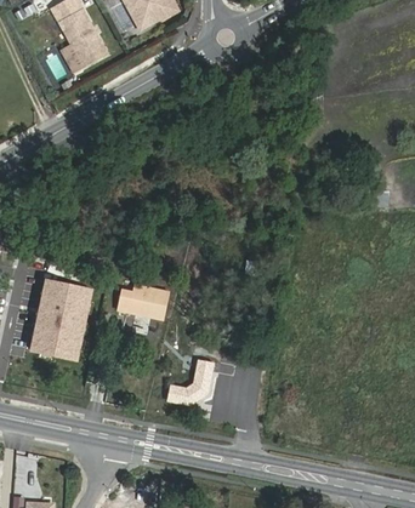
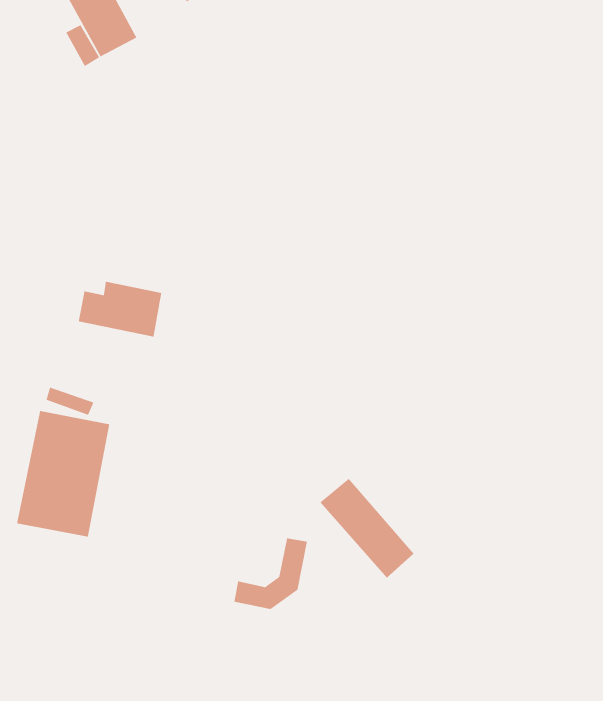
building: [115,286,167,321] -> [78,281,162,337]
building: none -> [320,478,414,579]

